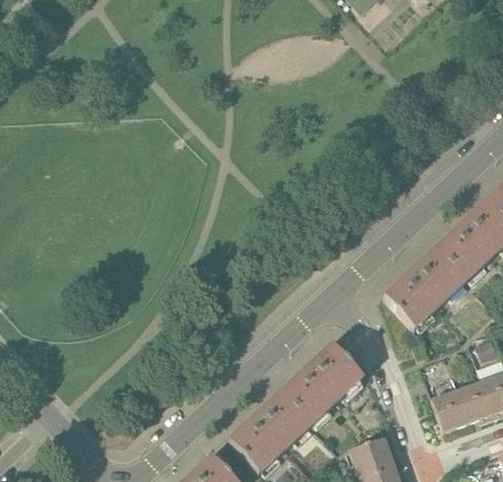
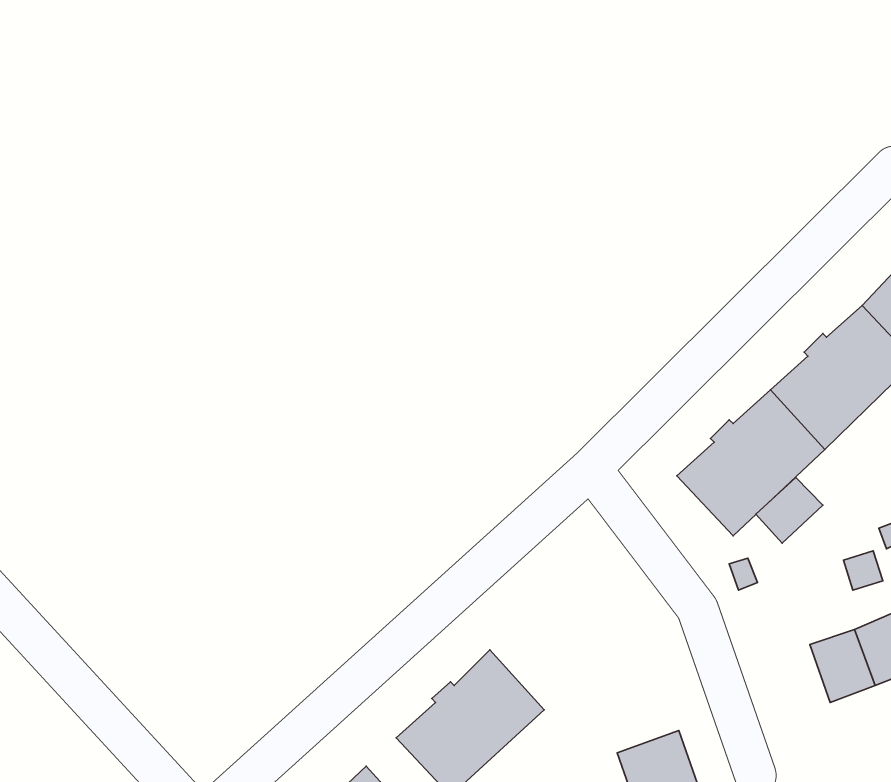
building: none -> [756,478,823,543]
building: [279,344,361,425] -> none
building: [432,389,468,430] -> none

